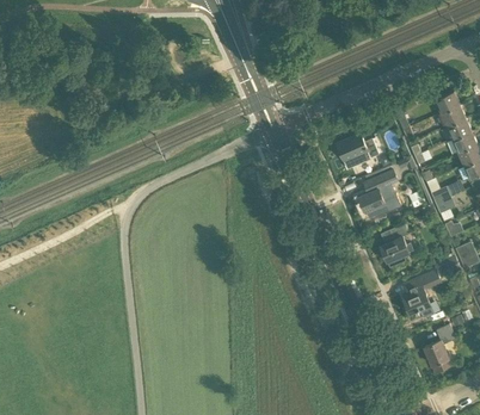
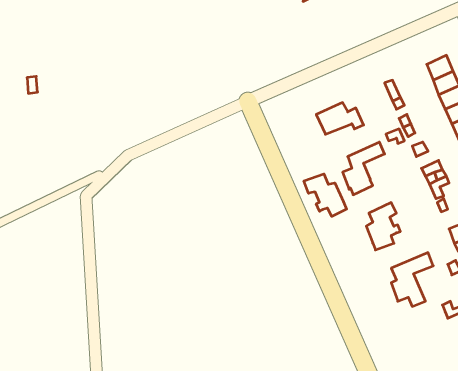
building: none -> [304,174,347,216]
building: [423,324,455,372] -> none

